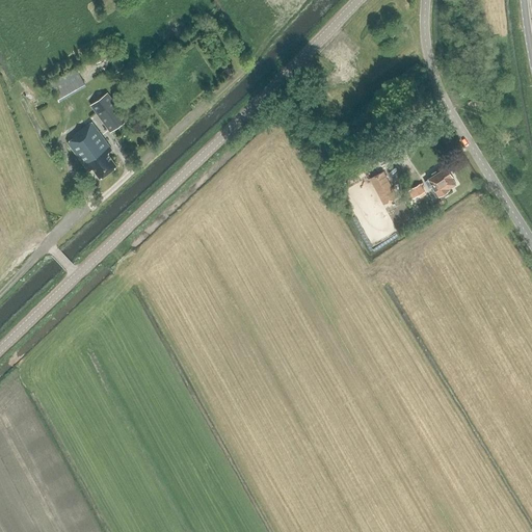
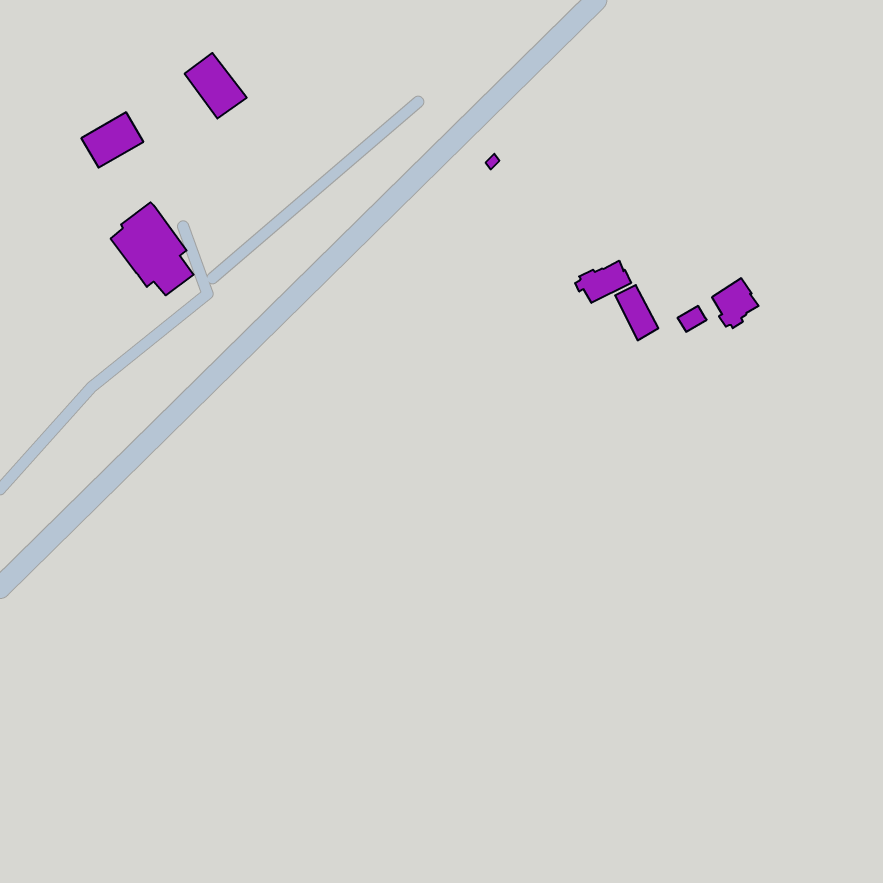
building: [90,92,128,132] -> [185,53,247,119]
building: none -> [575,261,631,303]

